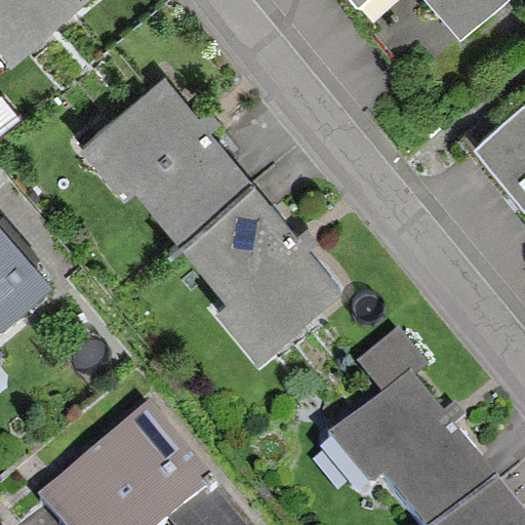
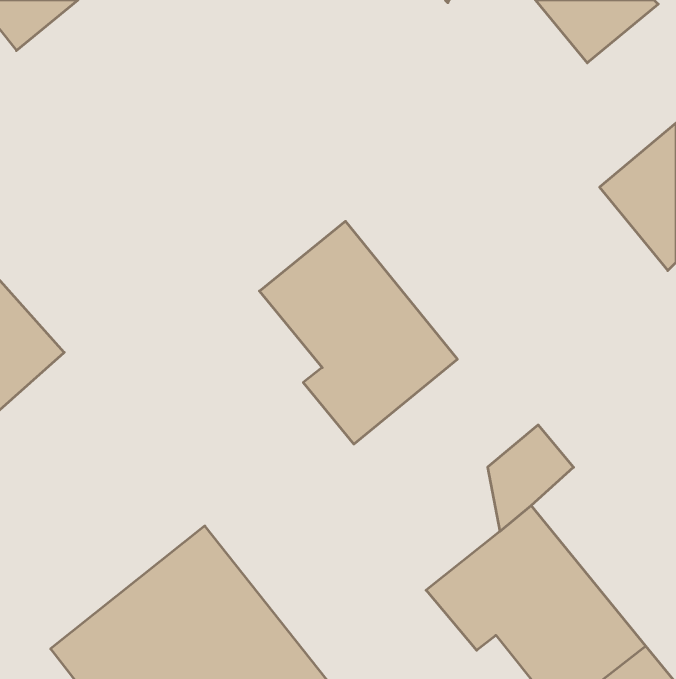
building: [94,75,259,233] -> none

